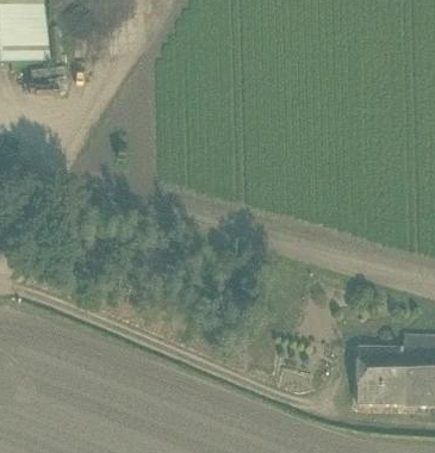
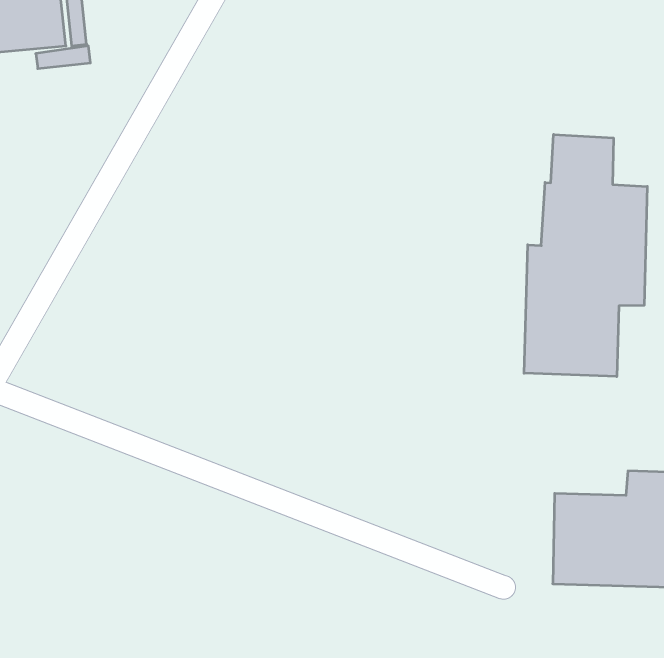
building: none -> [524,134,647,377]

